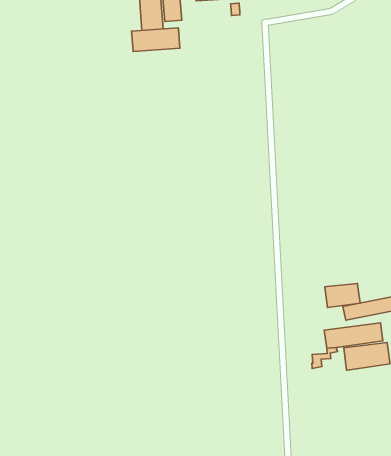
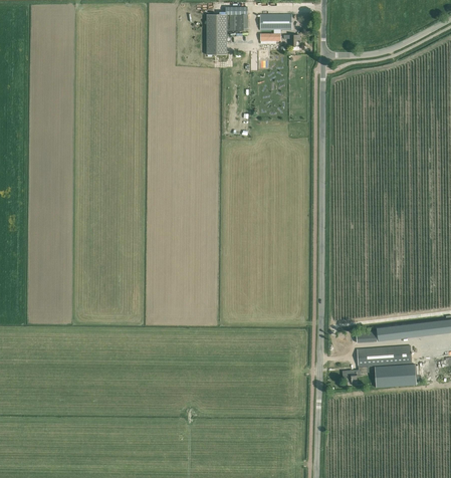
building: [132,28,180,52] -> none
building: [325,284,360,307] -> none

